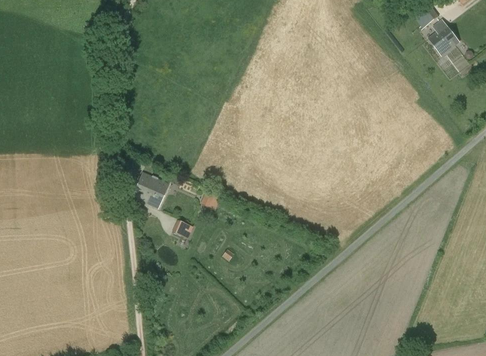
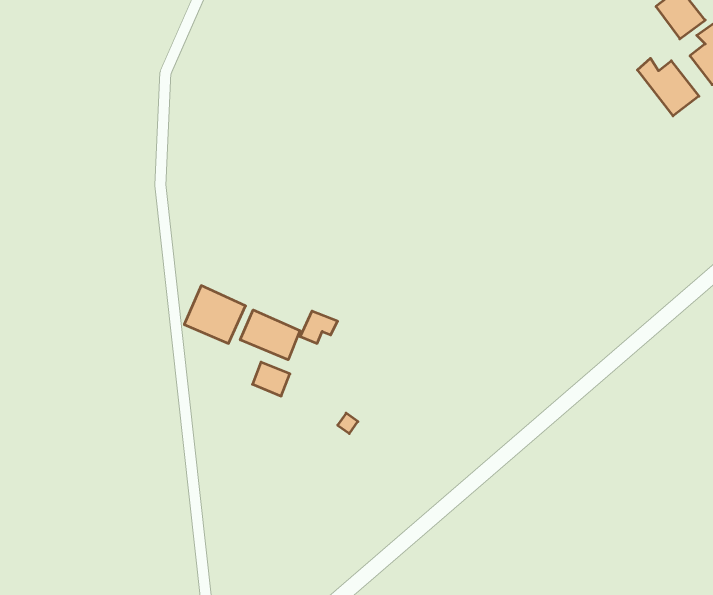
building: none -> [637,58,699,116]
building: none -> [240,310,300,360]

